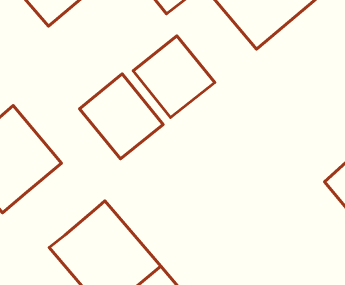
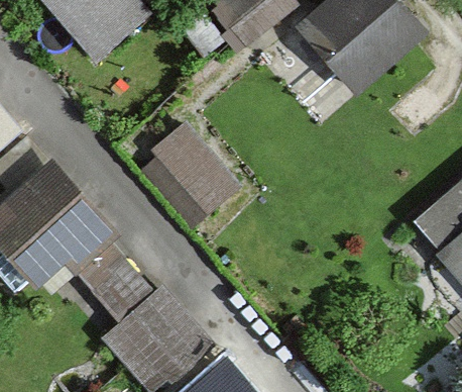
building: [133,36,215,118] -> none
building: none -> [69,234,156,323]

